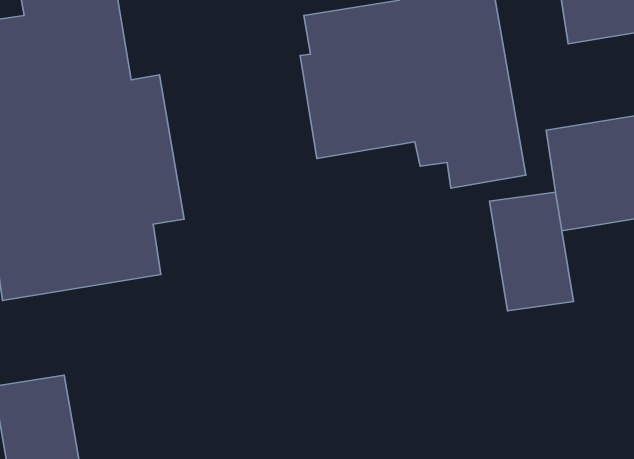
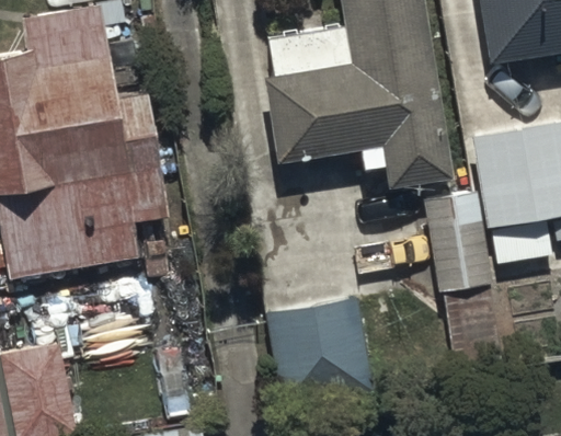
building: none -> [271,299,370,408]

